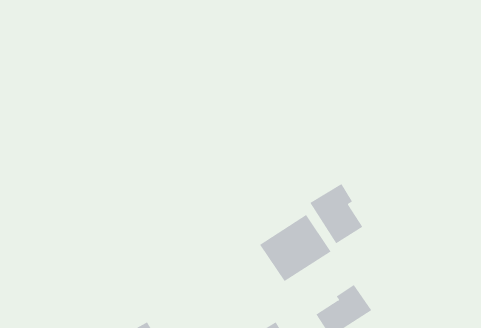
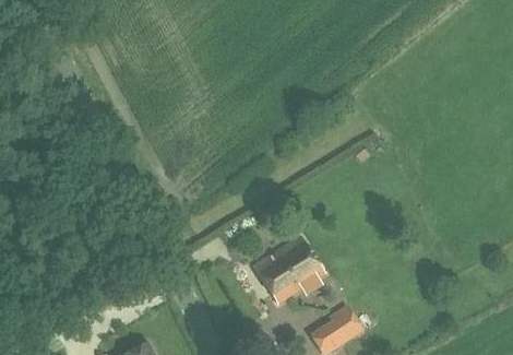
building: [309,183,363,244] -> none

